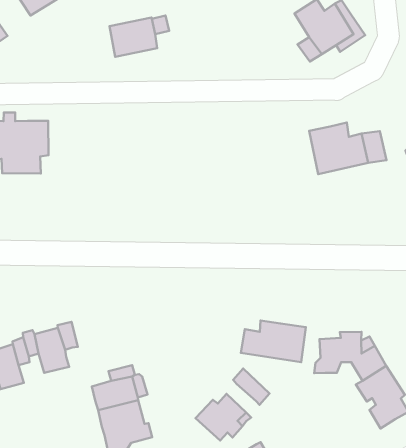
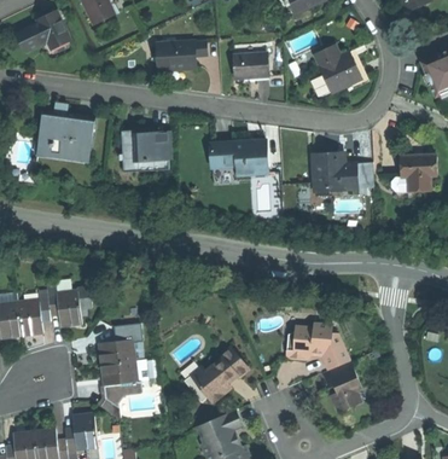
building: none -> [232,45,267,80]
building: none -> [210,140,268,175]
building: none -> [118,129,170,170]
building: [241,320,306,362] -> none

